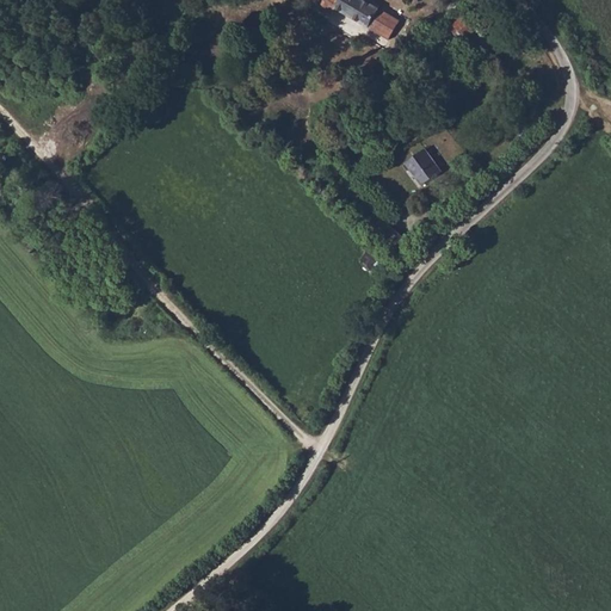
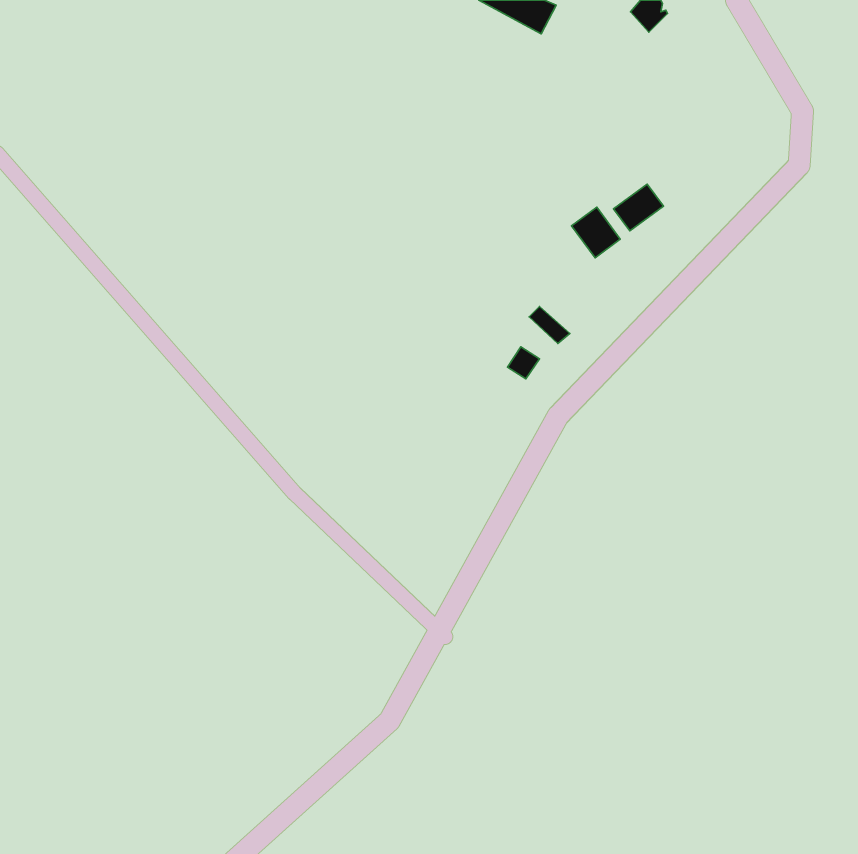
building: none -> [613,184,664,231]

